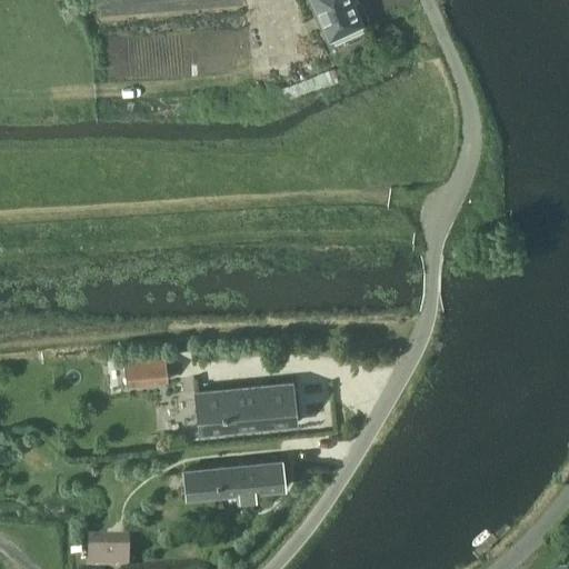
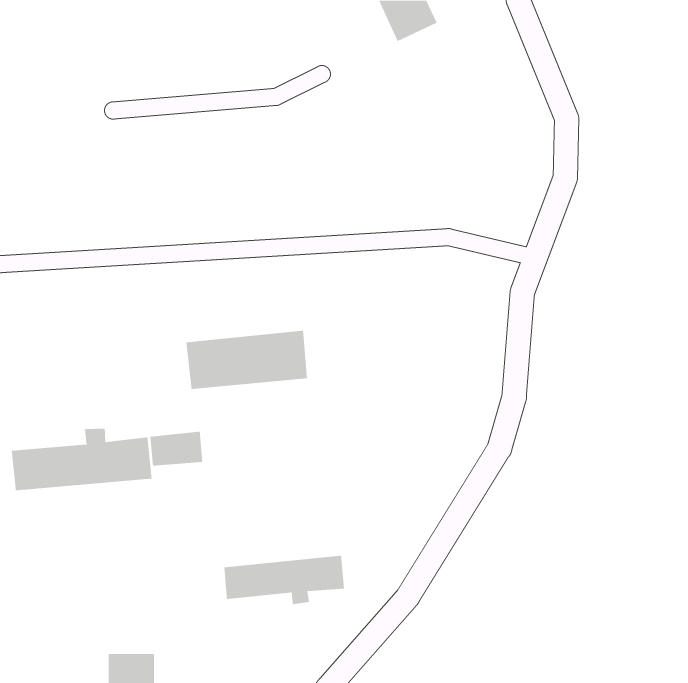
building: none -> [11,428,152,491]
building: [196,386,297,435] -> [185,330,308,389]

